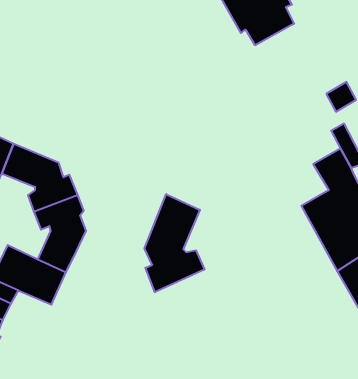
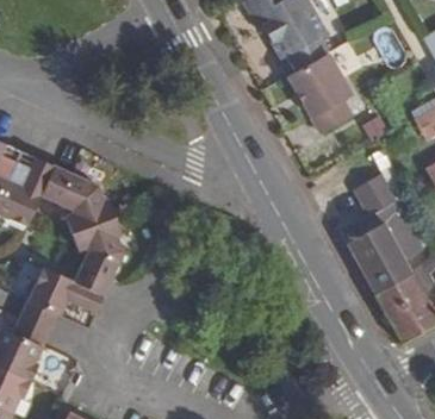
building: none -> [287,49,350,129]
building: [145,194,204,292] -> none

